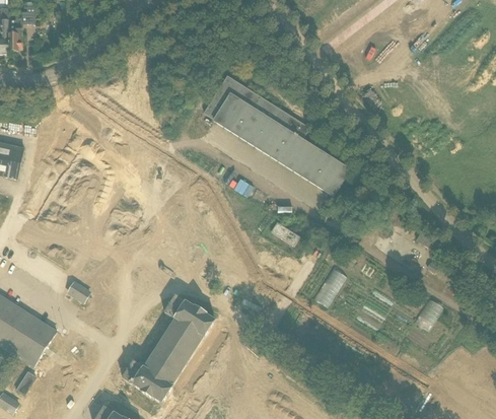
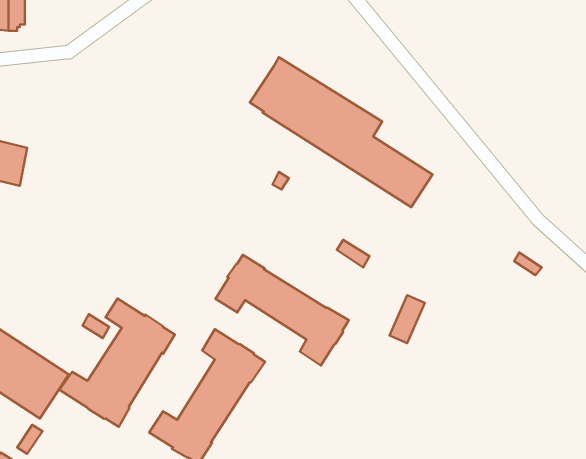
building: none -> [215,255,349,366]
building: none -> [59,298,175,427]

